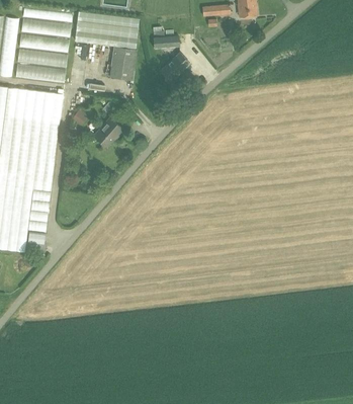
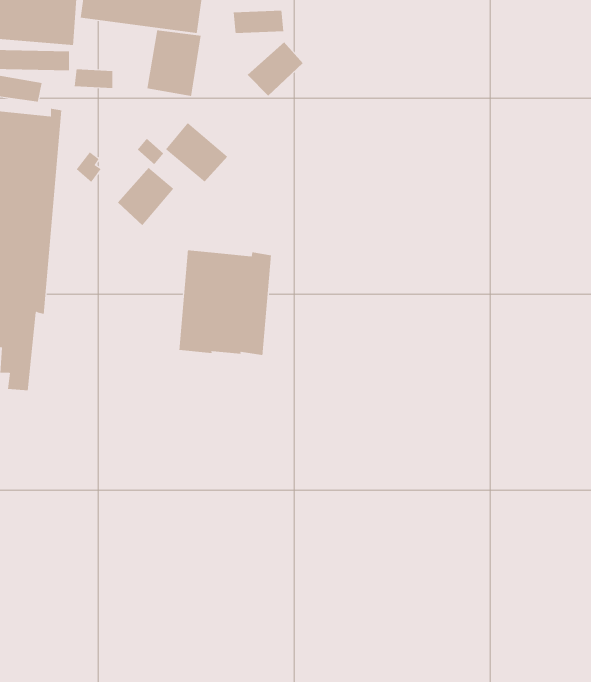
building: none -> [165,122,228,183]
building: none -> [179,249,272,356]

